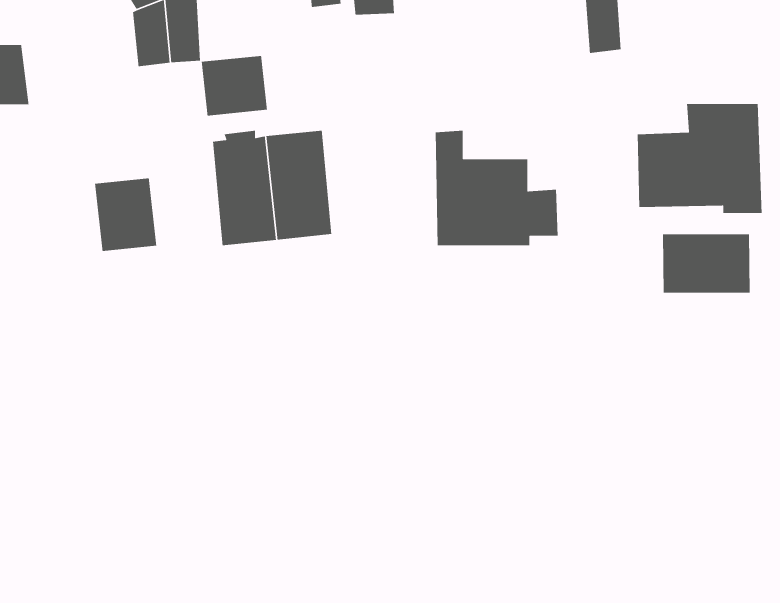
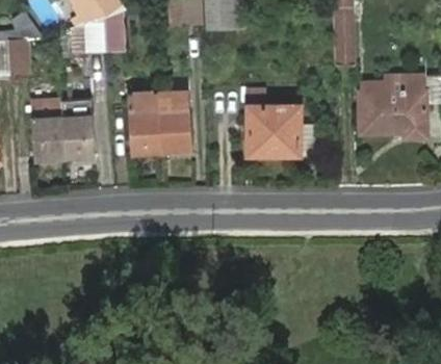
building: [201,55,268,116] -> none
building: none -> [32,103,68,159]
building: [662,233,750,294] -> none

